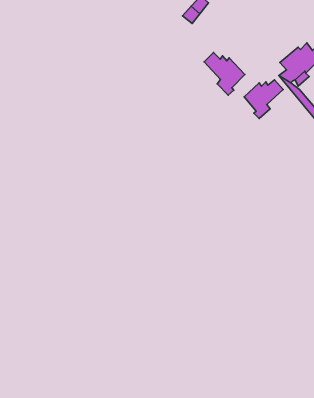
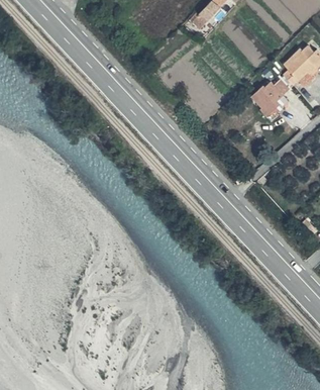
building: [204,53,245,95] -> none

